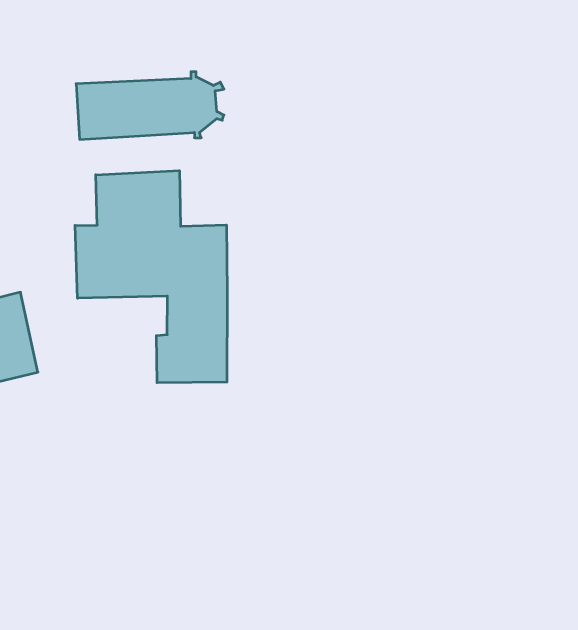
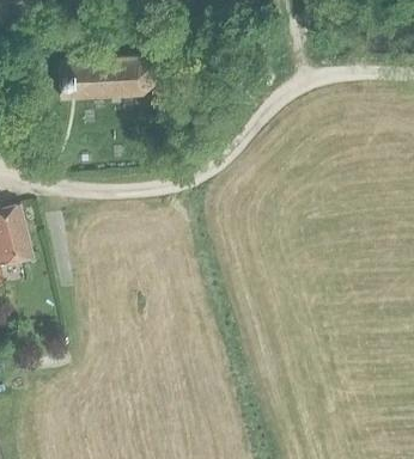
building: [75,171,227,383] -> none

